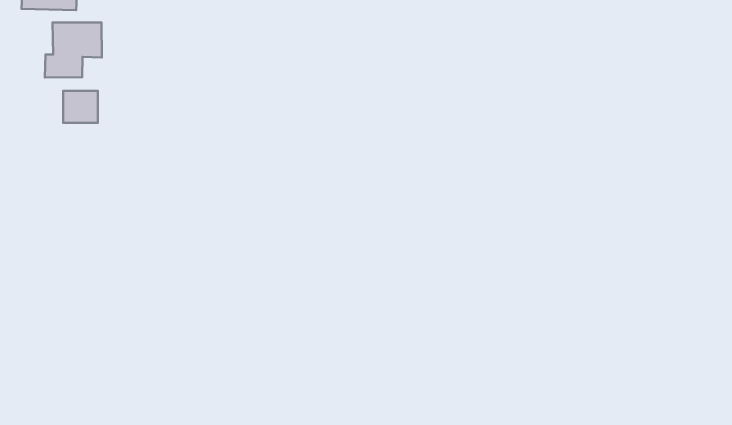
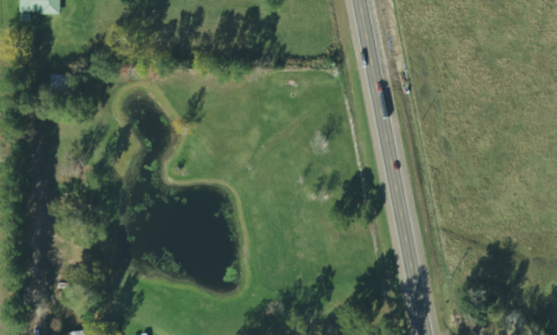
building: [45,23,102,78] -> none

